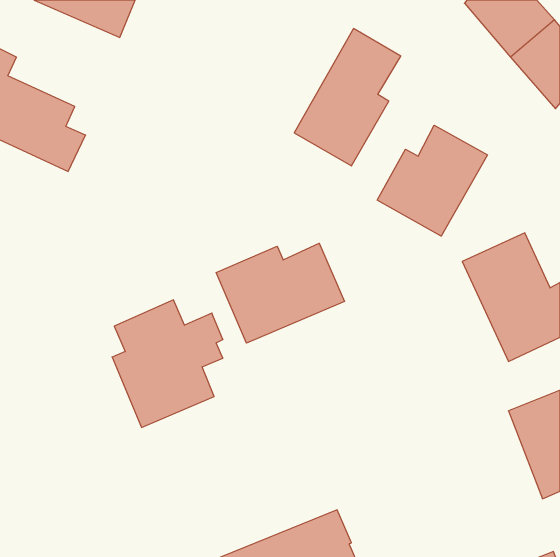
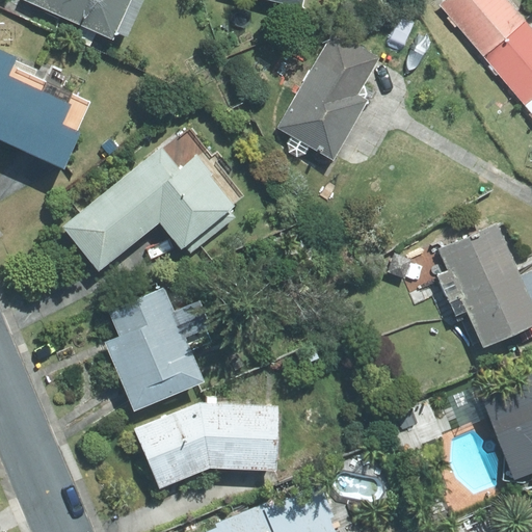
building: [377,125,487,236] -> none
building: none -> [62,148,237,270]
building: [216,243,344,343] -> none
building: none -> [134,401,278,488]

